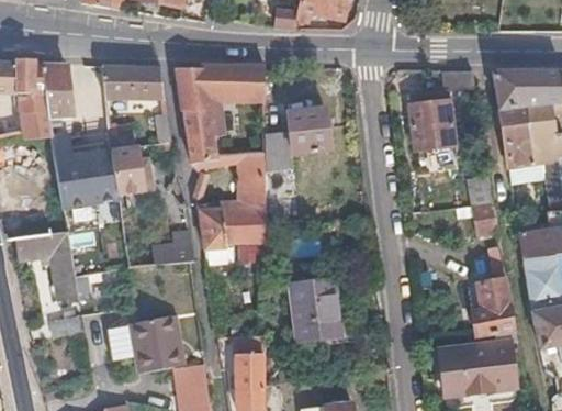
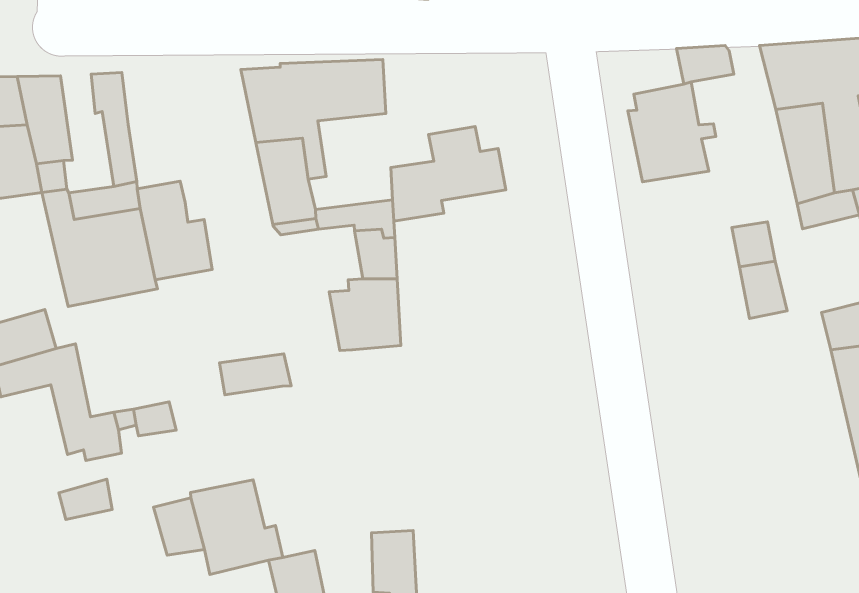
building: [103,63,167,97] -> none
building: [196,202,235,251] -> none
building: [285,269,338,331] -> none
building: [473,280,513,335] -> none
building: [440,342,517,396] -> none

